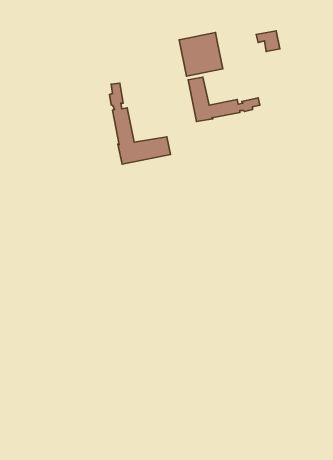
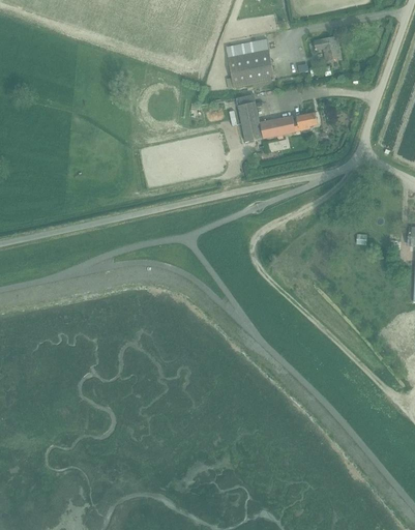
building: [110,83,171,164] -> none

